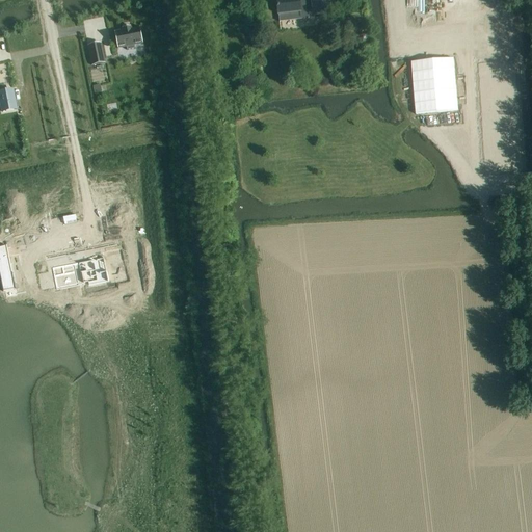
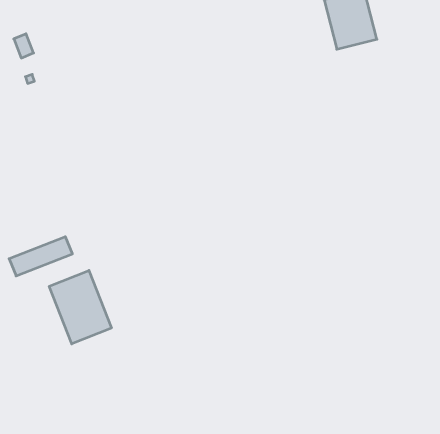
building: [114,23,143,47] -> none
building: none -> [49,270,111,344]

